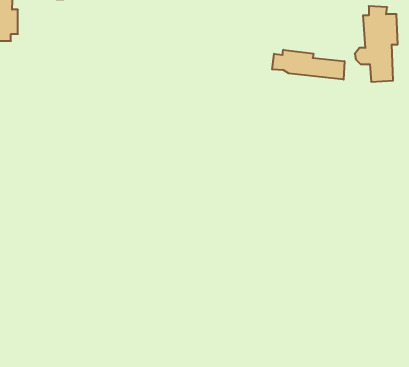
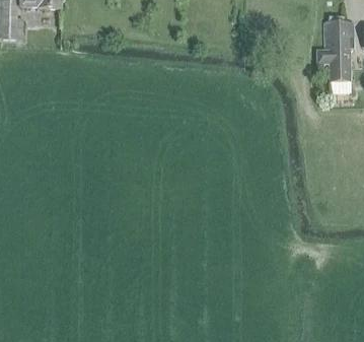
building: [272,50,344,80] -> none

